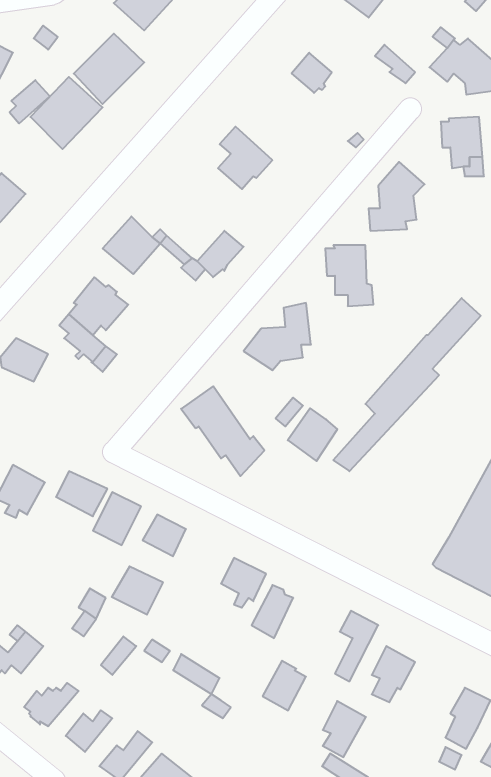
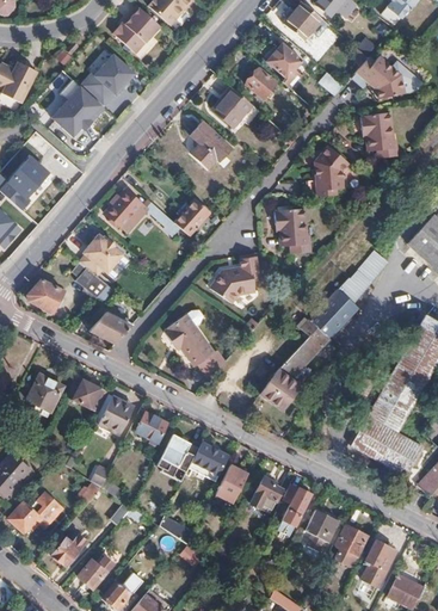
building: none -> [267,43,302,88]
building: none -> [215,88,253,126]
building: none -> [87,309,130,344]
building: [288,408,337,461] -> [260,370,297,409]
building: [112,566,163,615] -> [160,434,198,470]
building: [263,661,306,710] -> [249,475,282,512]
building: [323,701,366,757] -> [334,523,366,564]

